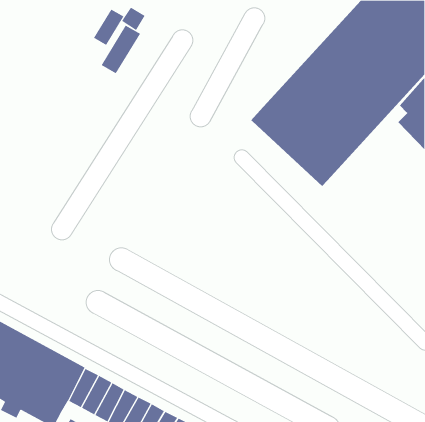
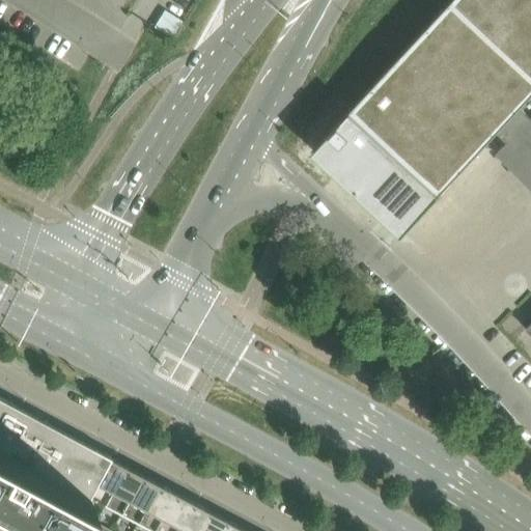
building: [93,9,124,46] -> none
building: [101,25,141,74] -> none

